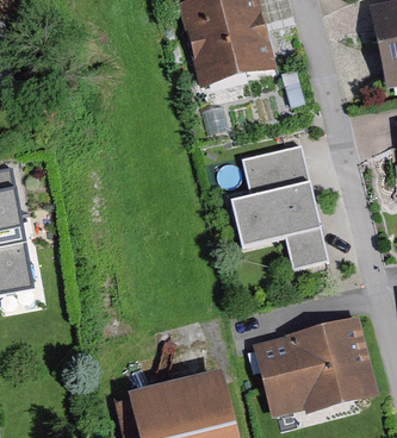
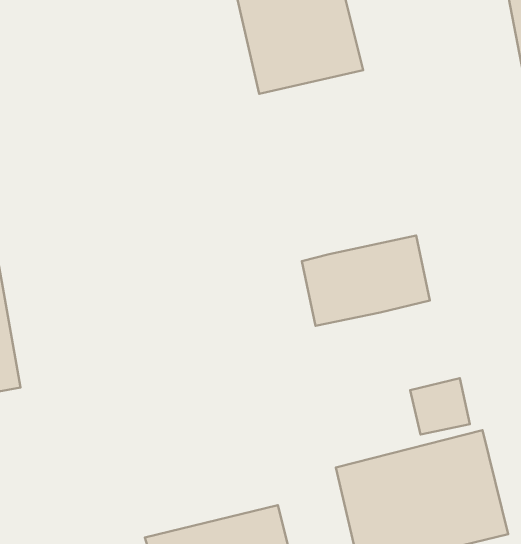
building: [242,144,311,195] -> none
building: [286,227,328,267] -> [410,378,470,434]

